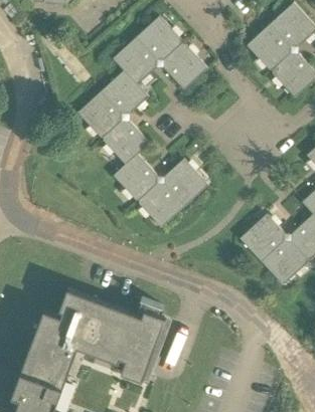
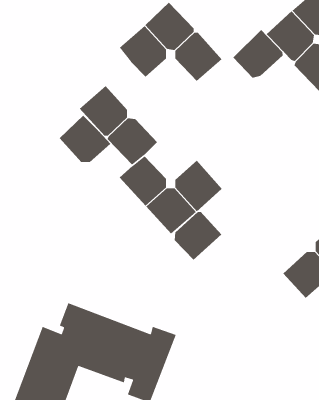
building: none -> [232,29,283,79]
building: [102,70,149,114] -> [59,115,111,163]
building: none -> [174,211,222,260]
building: [241,214,284,261] -> none

